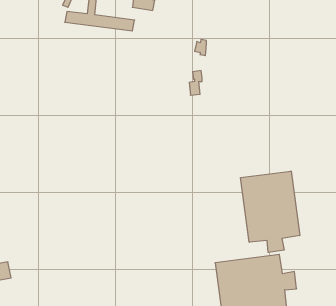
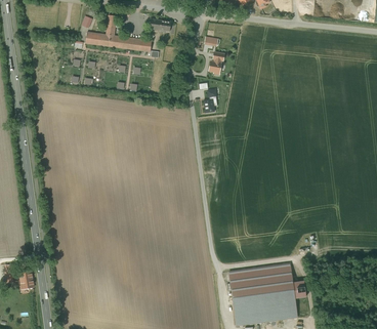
building: [241,171,300,252] -> none

